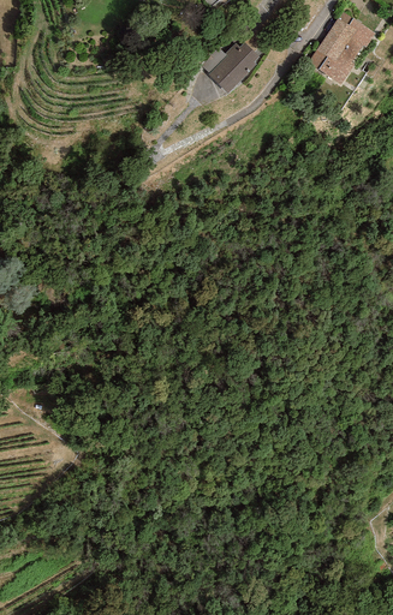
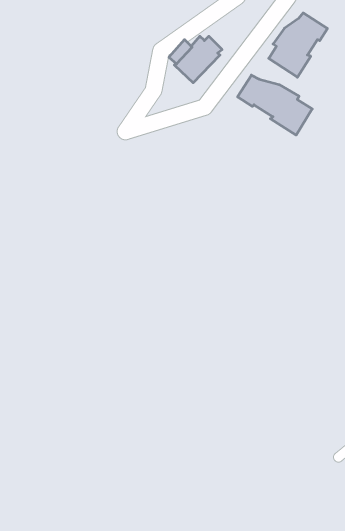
building: none -> [238,75,312,135]

